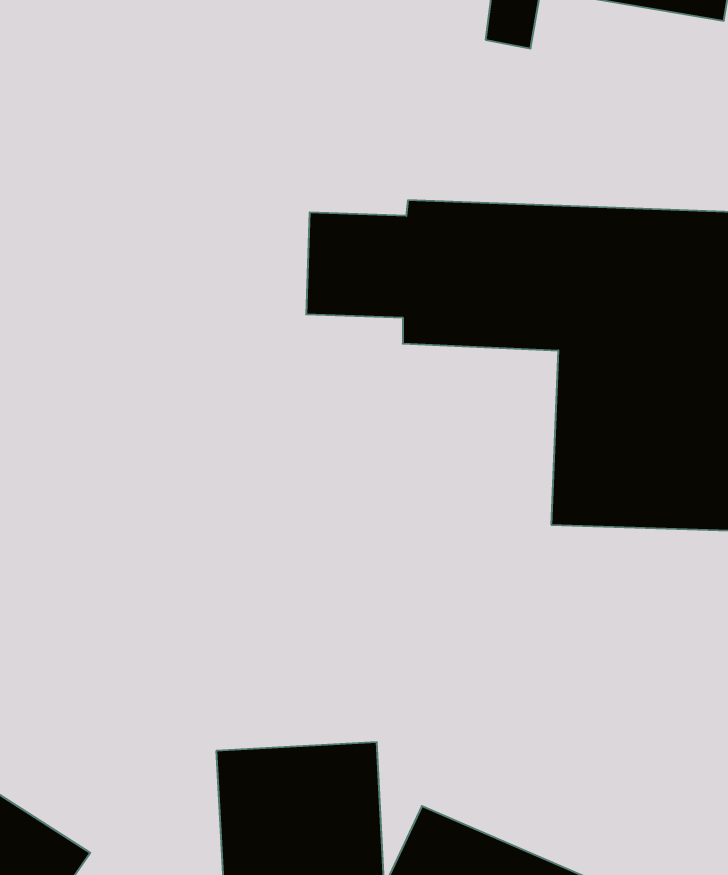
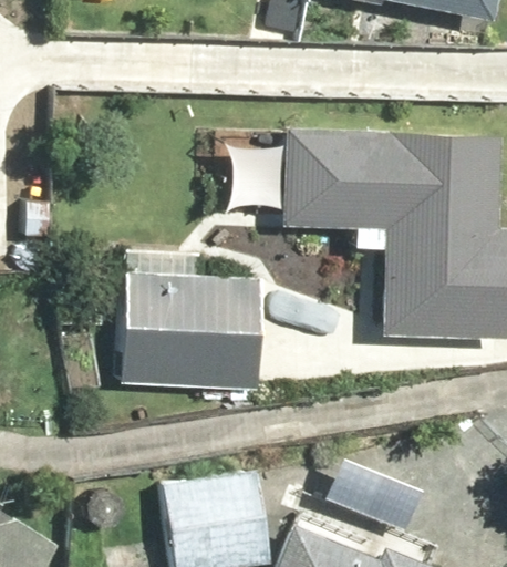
building: none -> [118,252,277,391]

